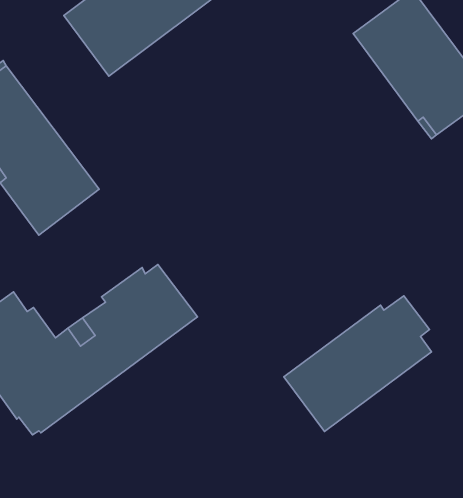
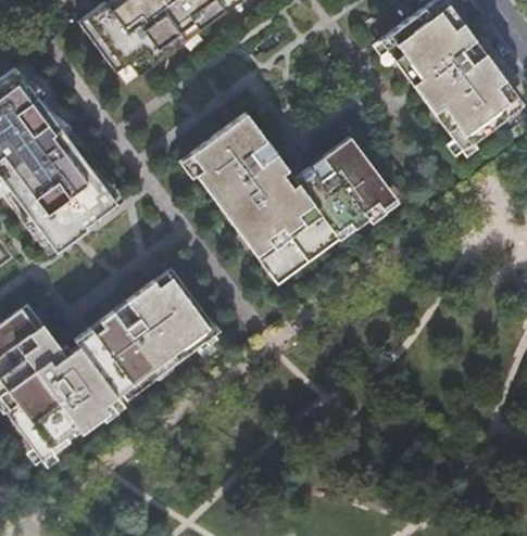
building: none -> [190,112,396,284]
building: [284,296,432,431] -> none

